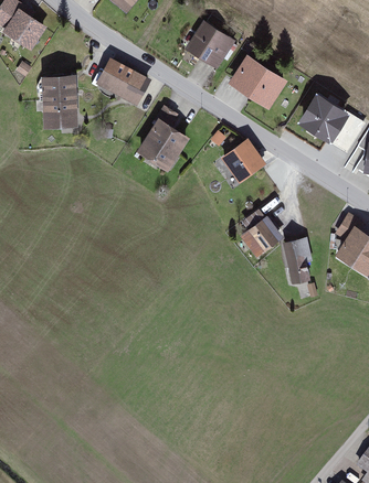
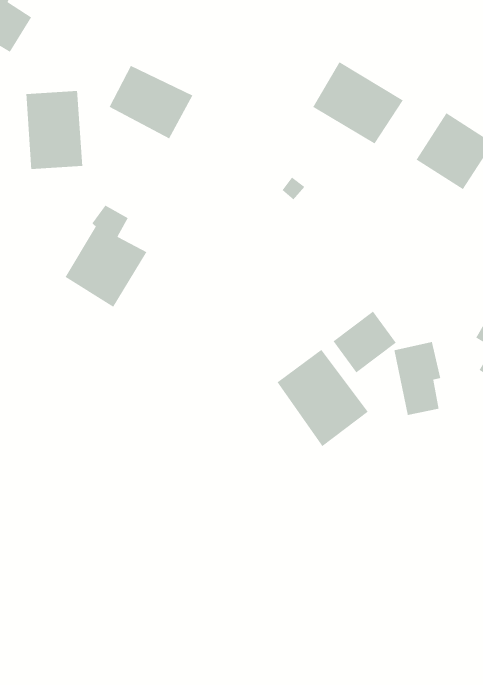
building: [184,20,233,67] -> none
building: [136,105,190,172] -> [64,204,148,308]
building: [218,137,263,181] -> none
building: none -> [277,349,369,447]

